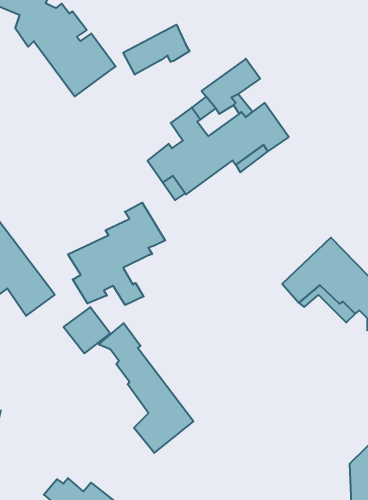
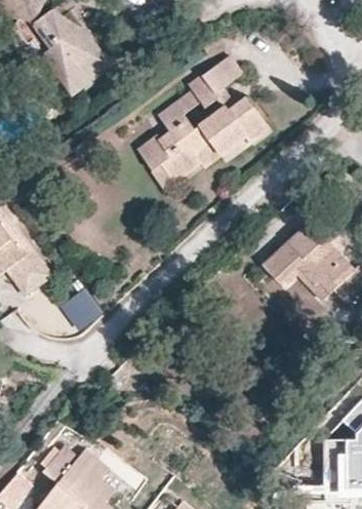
building: [123,25,190,75] -> none
building: [68,203,165,305] -> none
building: [99,323,193,453] -> none

